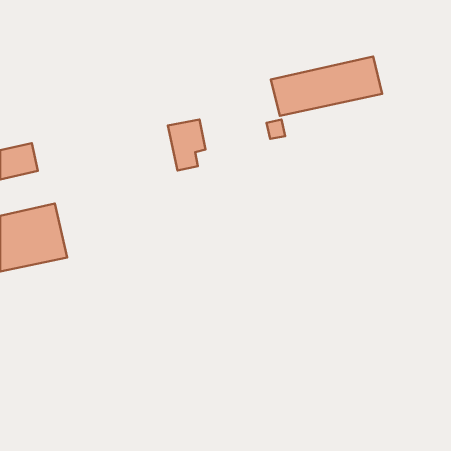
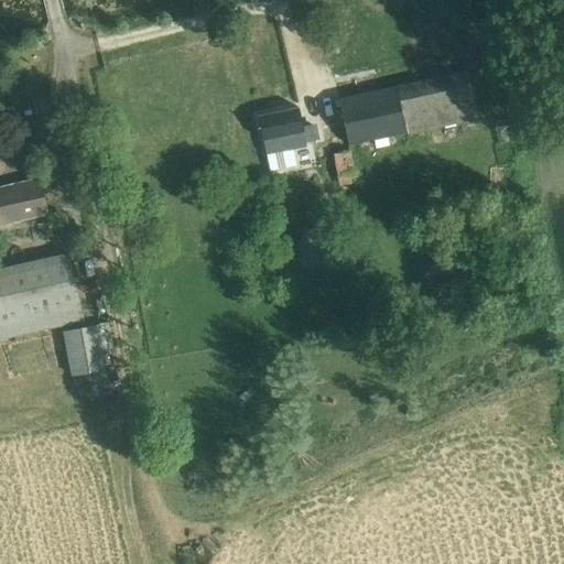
building: [168,119,206,171] -> [259,108,306,172]
building: none -> [63,324,107,375]

